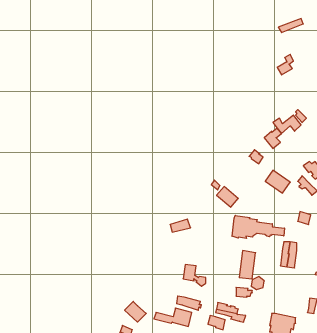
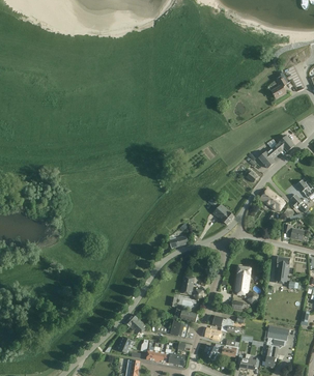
building: [232,215,284,238] -> none

